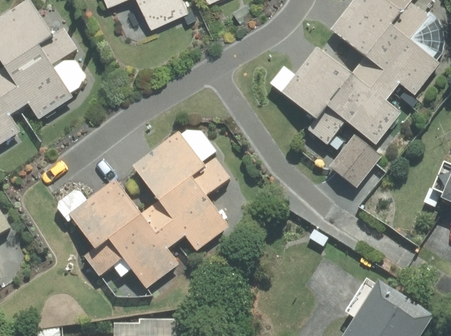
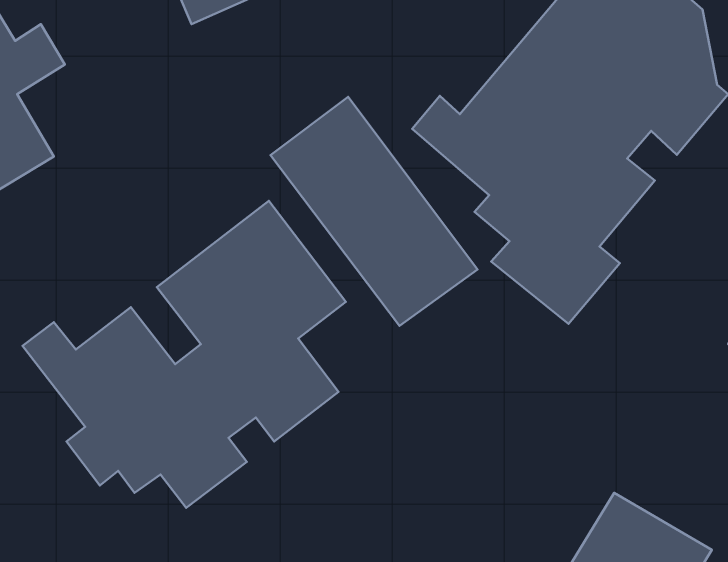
building: none -> [270,97,478,326]

